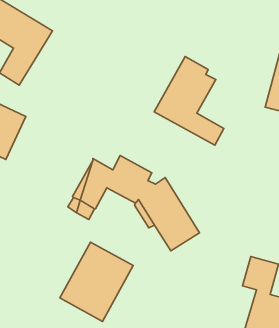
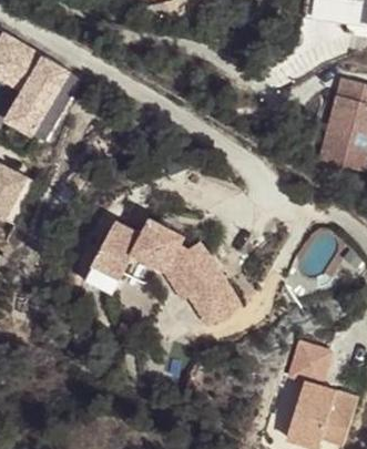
building: [154,57,224,145] -> none
building: [60,242,133,321] -> none

